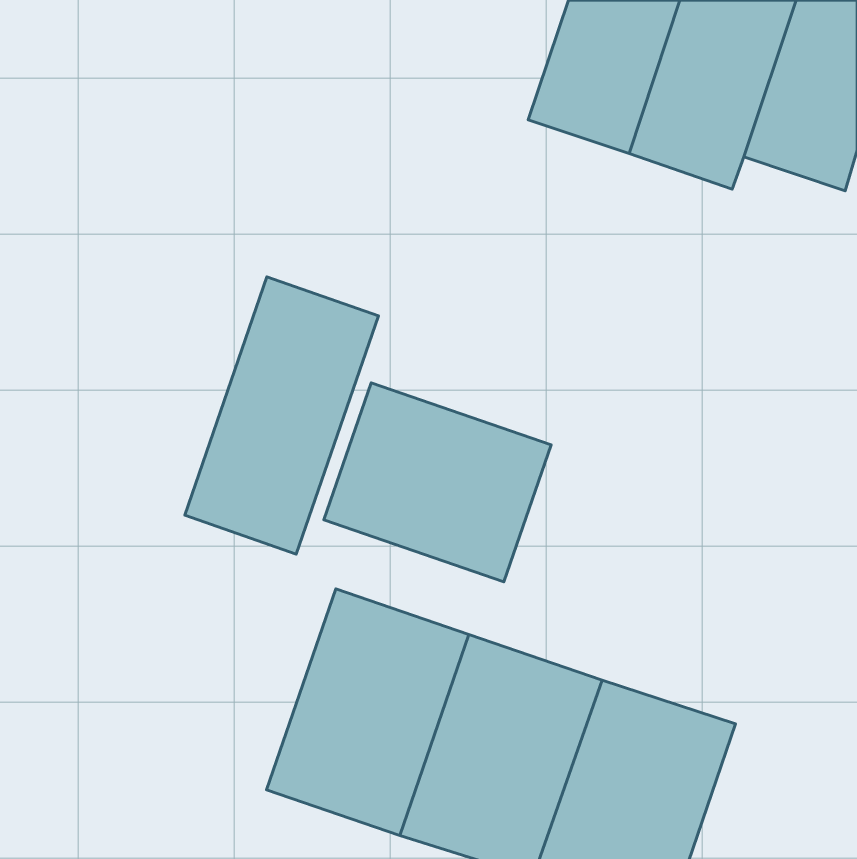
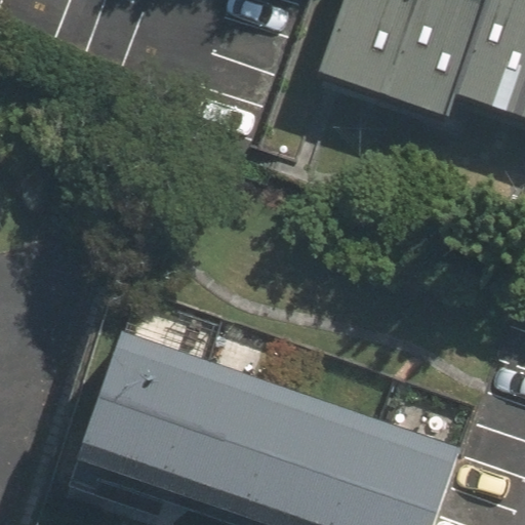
building: [185,277,378,554] -> none
building: [324,383,551,582] -> none
building: none -> [81,332,204,482]

